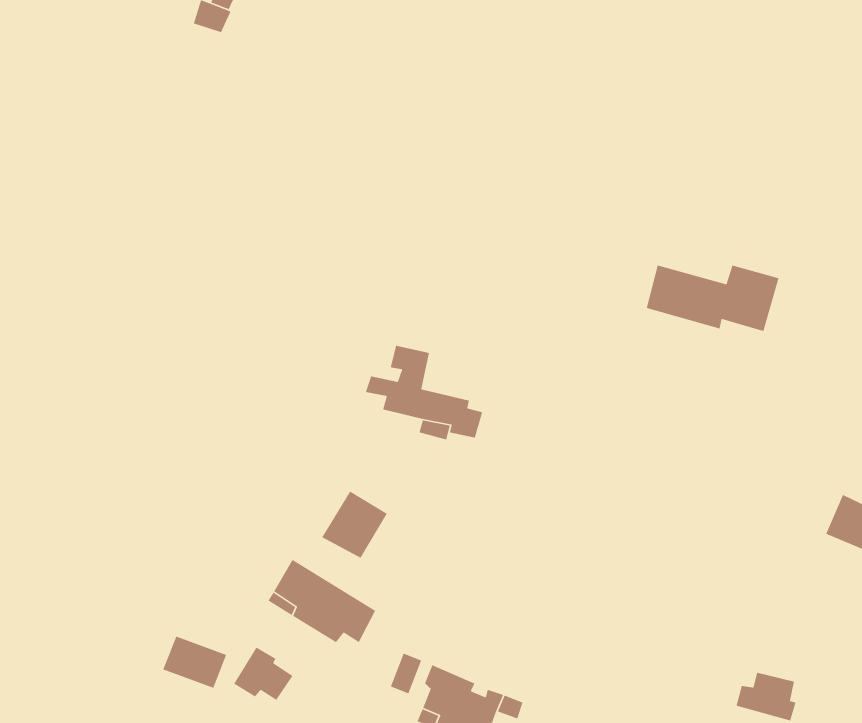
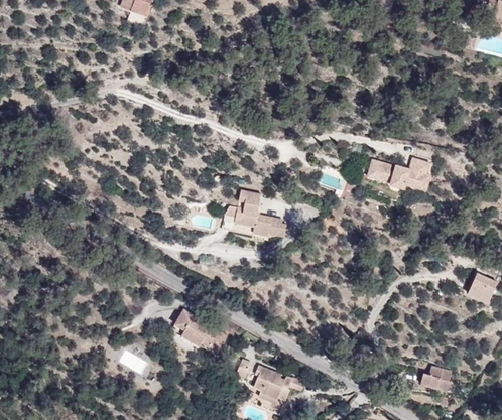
building: [321,490,388,559] -> none
building: [233,646,293,701] -> none

